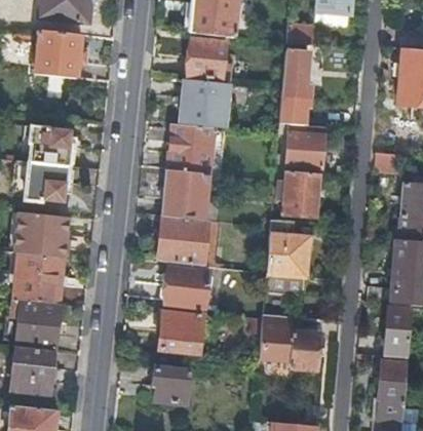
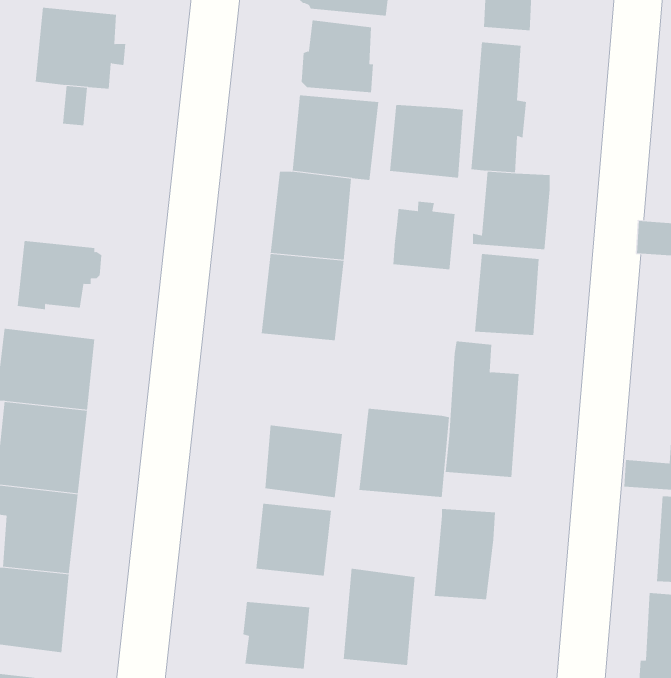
building: none -> [389,104,464,178]
building: [29,125,75,166] -> none
building: none -> [393,201,455,270]
building: [157,214,208,265] -> [359,408,450,498]
building: [290,330,320,368] -> none
building: none -> [343,568,415,666]

